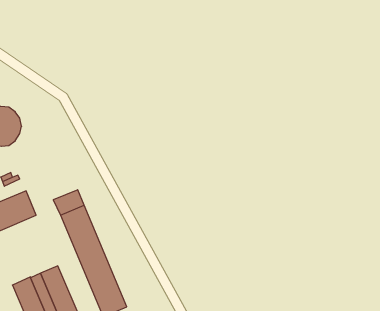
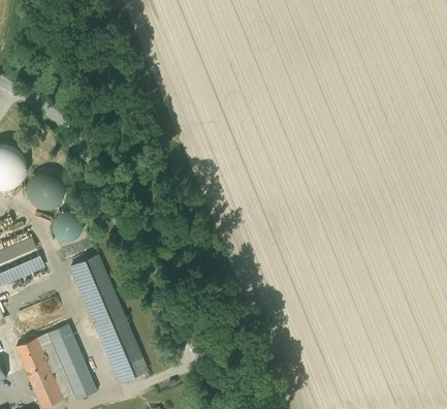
building: none -> [27,171,66,210]
building: none -> [53,211,83,242]

